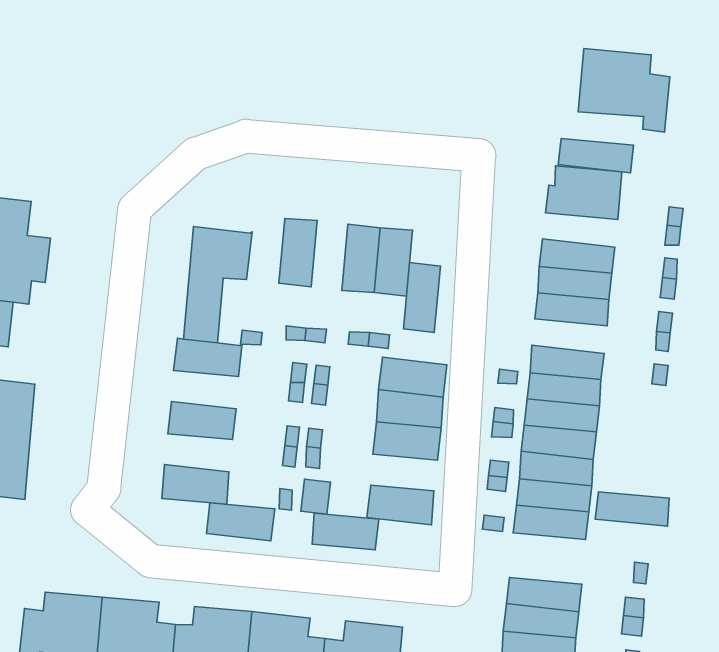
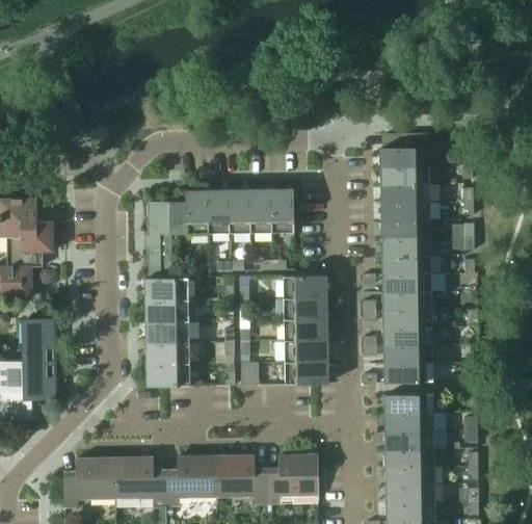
building: [578,48,670,132] -> none
building: [558,138,634,173] -> [380,165,429,184]
building: none -> [185,190,208,234]
building: [404,263,440,332] -> [229,189,250,234]
building: none -> [381,237,430,256]
building: none -> [144,299,189,321]
building: [595,492,669,526] -> [384,393,433,413]
building: [206,503,275,541] -> [145,342,189,364]
building: [312,513,379,550] -> [284,340,327,362]

